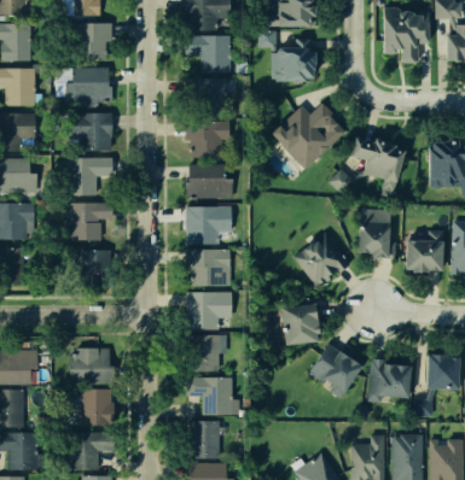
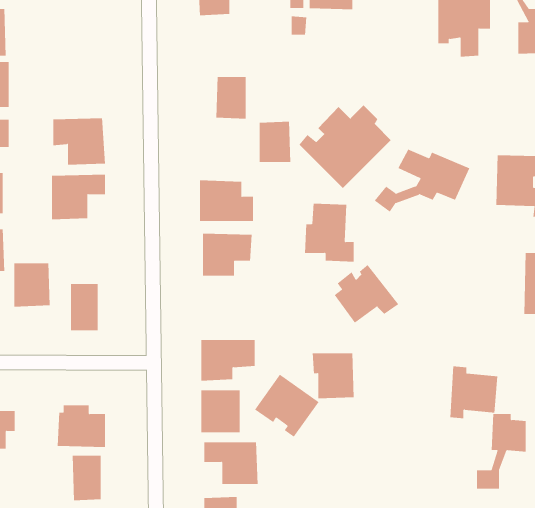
building: [79,24,105,62] -> none
building: [187,36,228,71] -> none
building: [274,37,313,77] -> none
building: [66,69,116,100] -> none
building: [193,123,220,157] -> [259,121,291,162]
building: [74,204,104,240] -> [13,263,50,307]
building: [356,210,397,258] -> [304,203,354,262]
building: [405,232,442,270] -> none
building: [188,251,231,286] -> none
building: [309,345,362,397] -> [254,374,319,438]
building: [368,358,408,402] -> [449,366,498,419]

